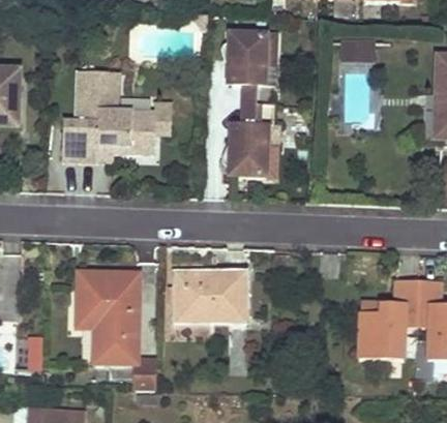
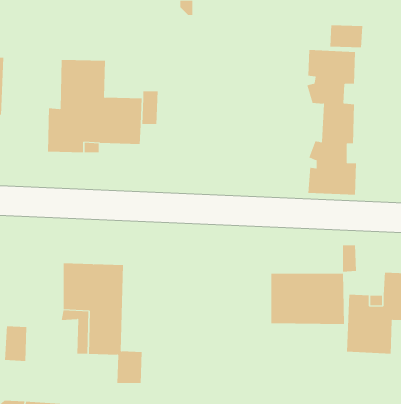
building: [226,32,275,176] -> [306,50,357,195]
building: [174,271,247,322] -> [270,273,345,324]

